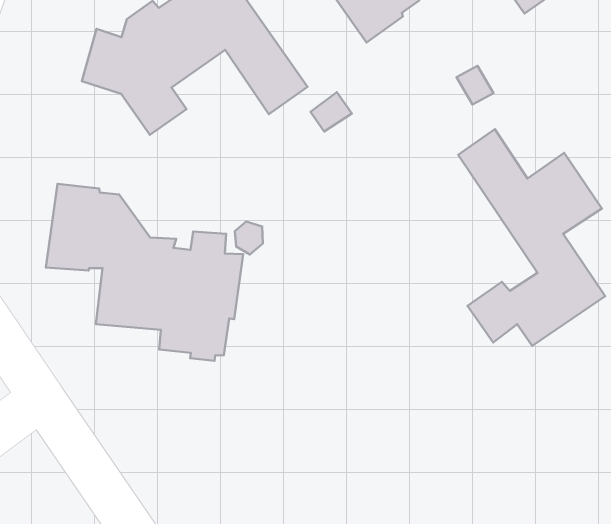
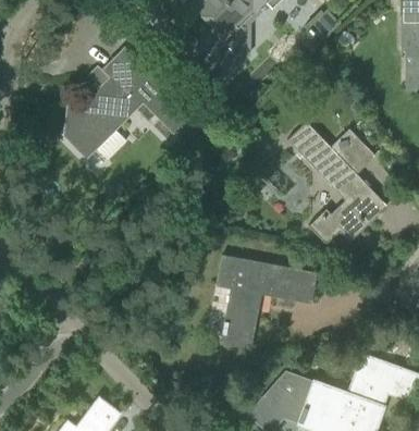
building: [46,184,243,361] -> none
building: none -> [217,256,317,349]

